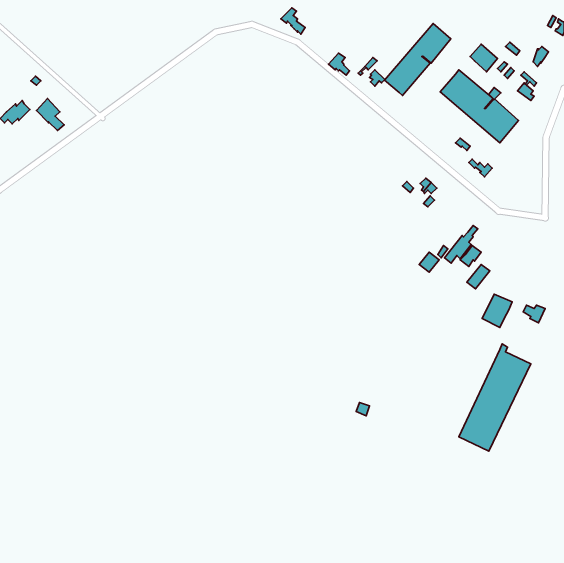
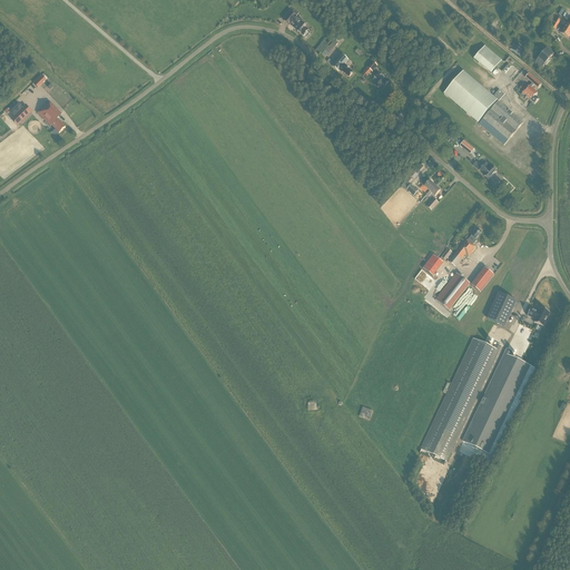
building: [385,23,451,96] -> none
building: none -> [434,272,469,308]
building: none -> [420,336,501,460]

